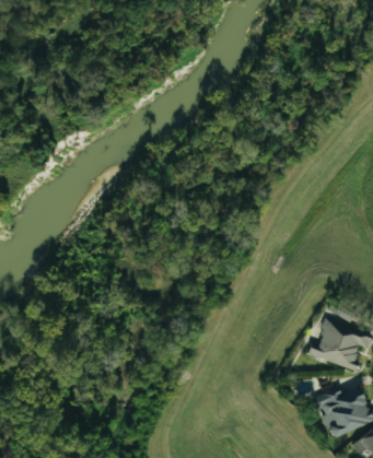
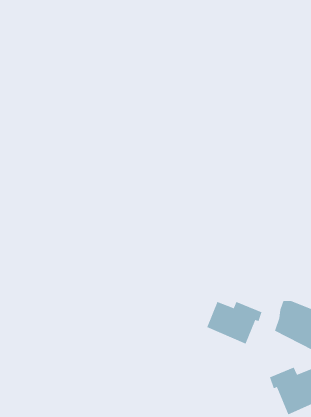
building: none -> [207,301,262,344]

